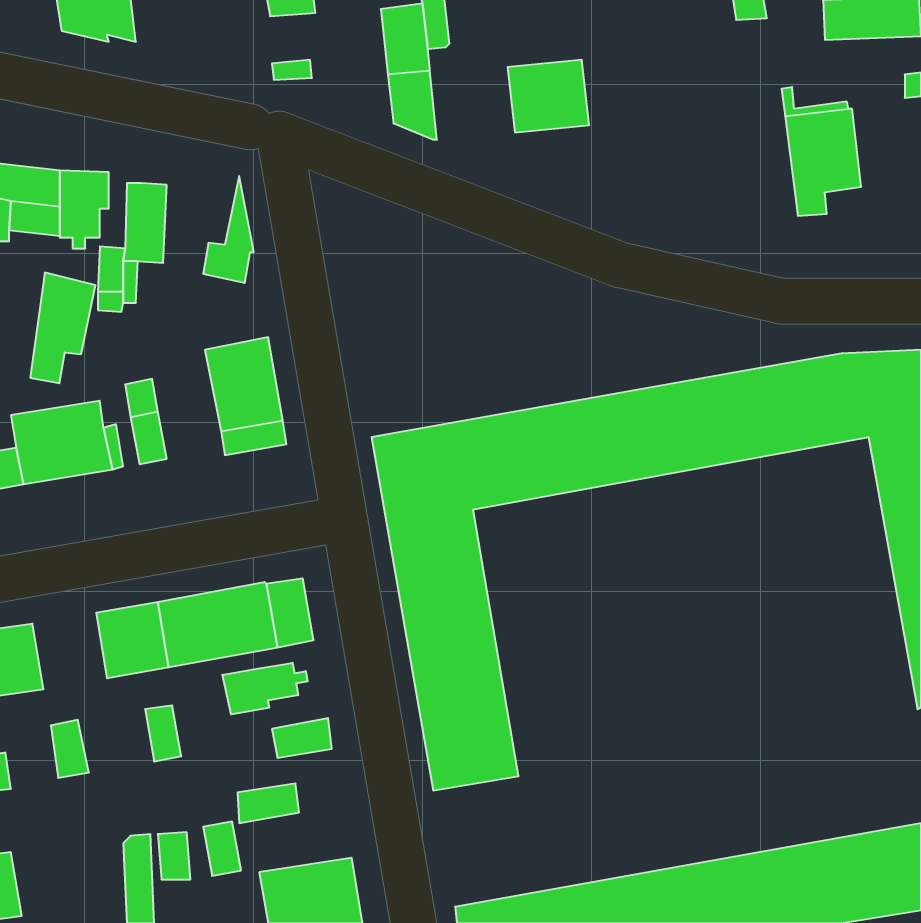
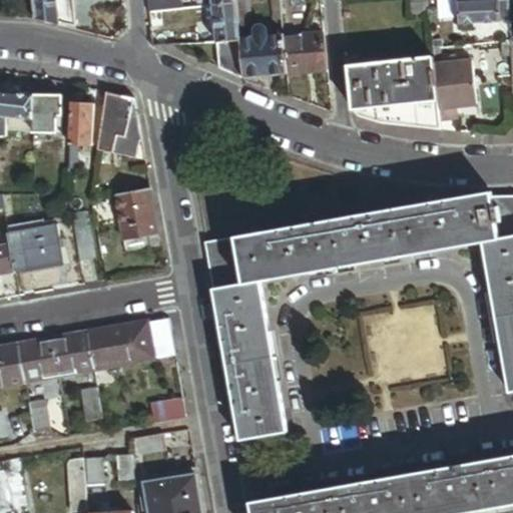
building: none -> [237,25,285,77]
building: none -> [346,56,438,128]
building: [30,273,96,383] -> [96,90,132,151]
building: none -> [18,339,59,381]
building: [222,663,308,714] -> none

